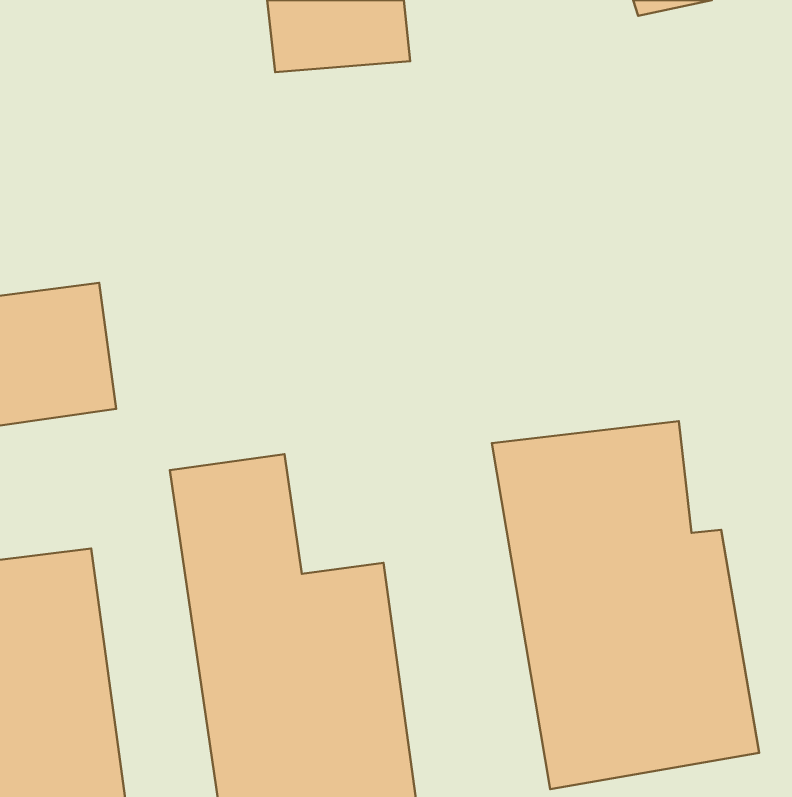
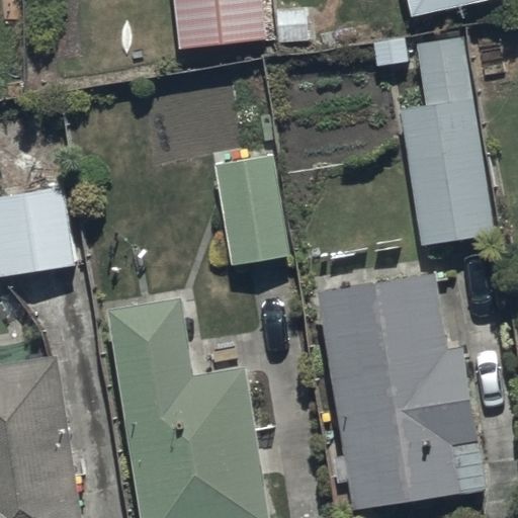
building: none -> [400,35,489,245]
building: none -> [213,154,288,264]

